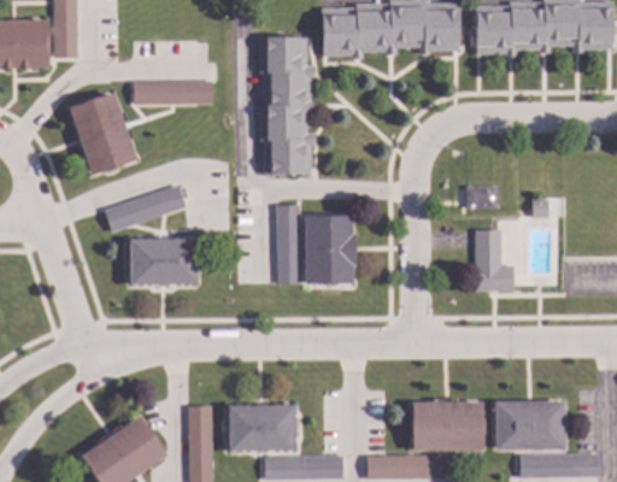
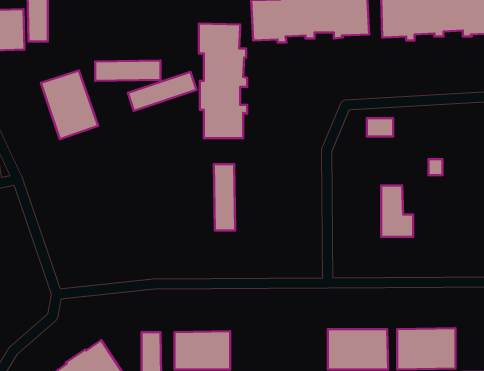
building: [105,186,187,233] -> [128,72,196,111]
building: [466,187,498,208] -> [367,118,393,136]
building: [305,216,355,284] -> none
building: [130,239,196,284] -> none

